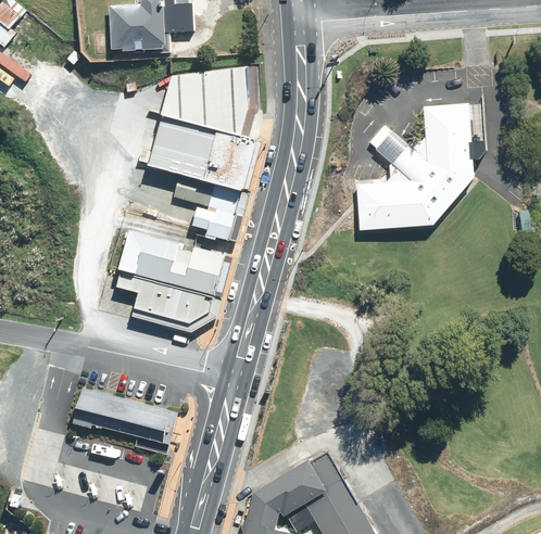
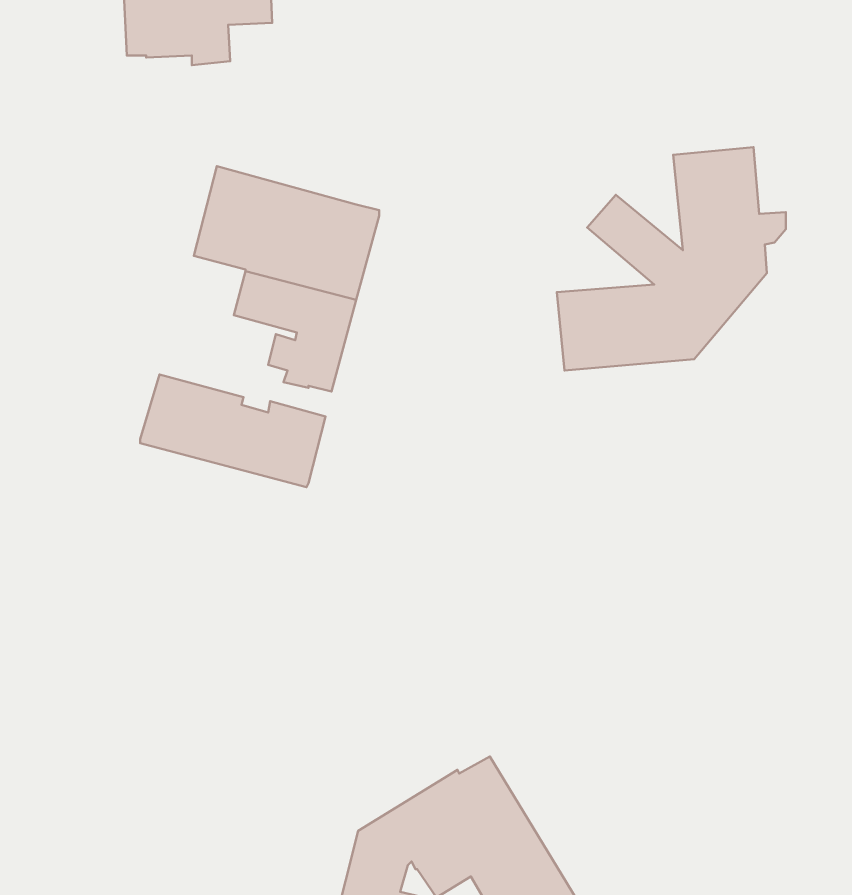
building: [163,69,249,136] -> none
building: [116,272,214,328] -> none
building: [73,386,177,444] -> none

